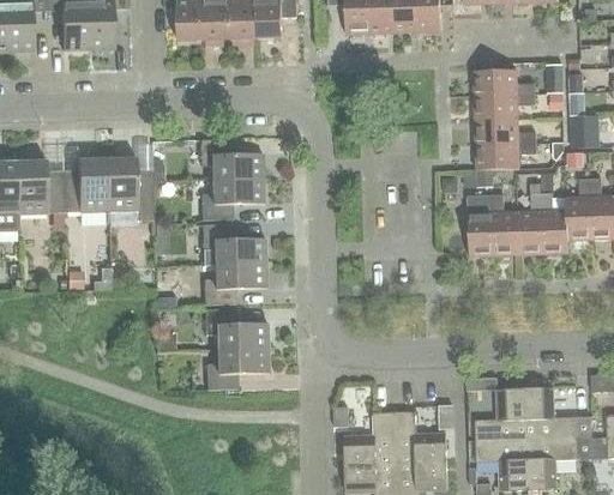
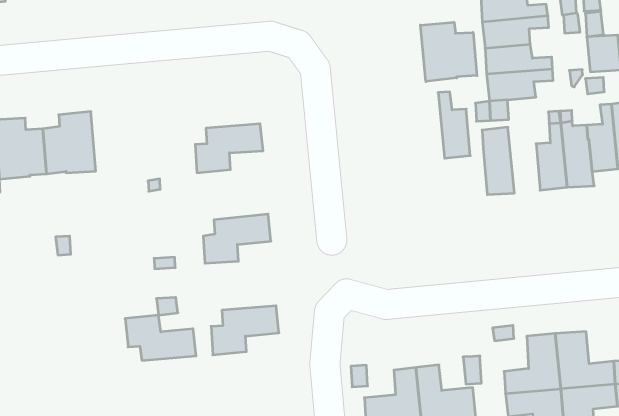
building: none -> [420,22,477,82]
building: [199,138,263,179] -> none
building: [107,156,154,219] -> none
building: [492,194,518,255] -> [438,92,470,158]
building: [201,223,265,264] -> none
building: [204,307,267,348] -> [125,315,196,360]

